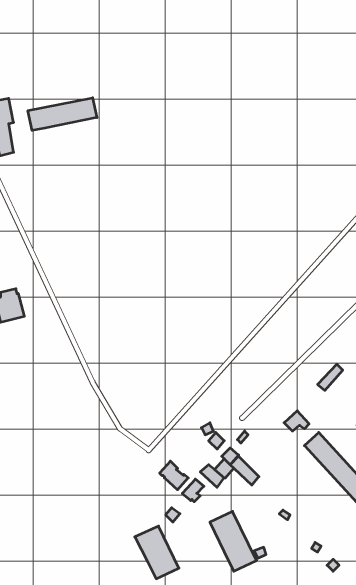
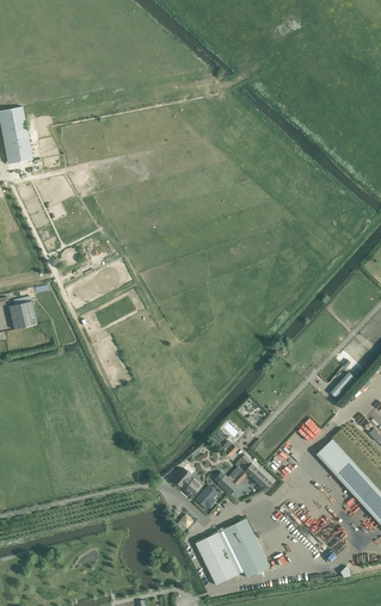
building: [28,98,97,130] -> none
building: [135,526,179,579] -> [193,532,238,585]

